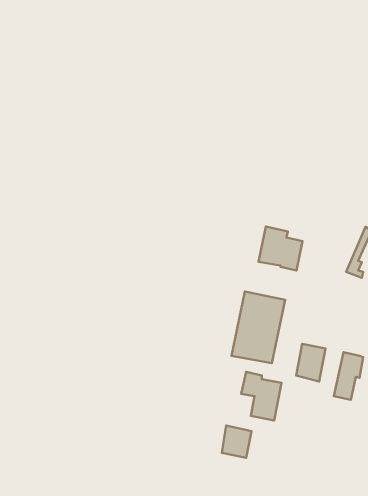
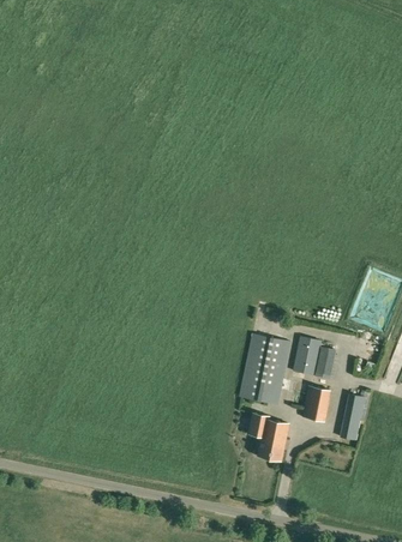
building: [259,227,302,270] -> [293,336,336,379]
building: [222,426,251,458] -> none

